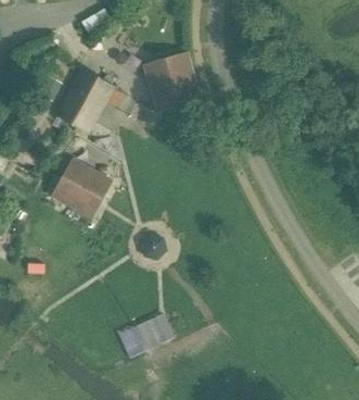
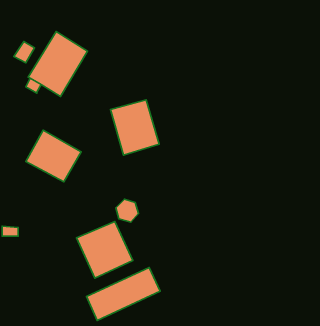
building: [152,53,201,109] -> [111,100,159,155]
building: none -> [77,221,133,278]

